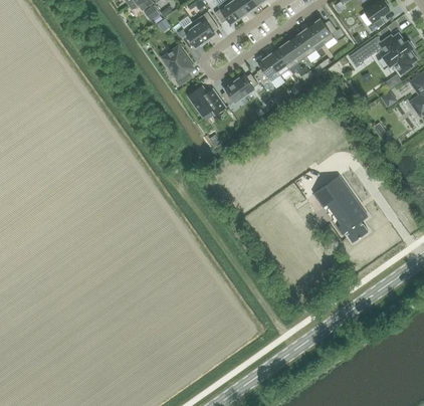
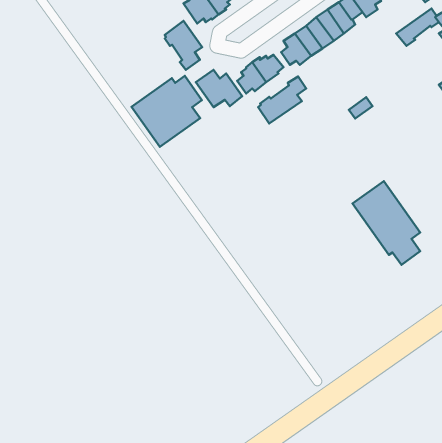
building: none -> [131,76,202,147]
building: none -> [258,76,306,124]

